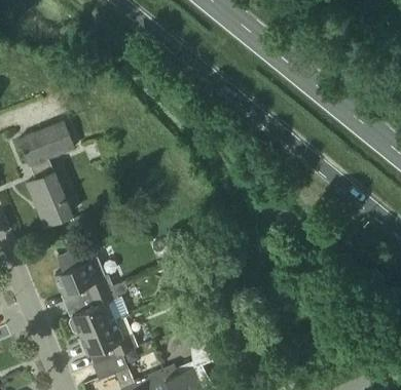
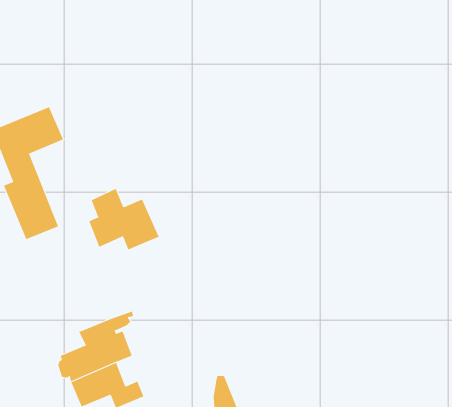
building: [54,248,110,297] -> [88,188,160,250]

